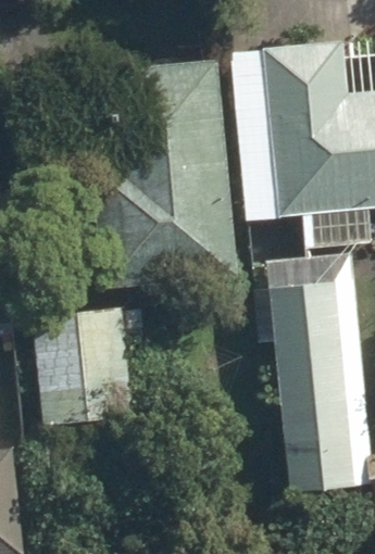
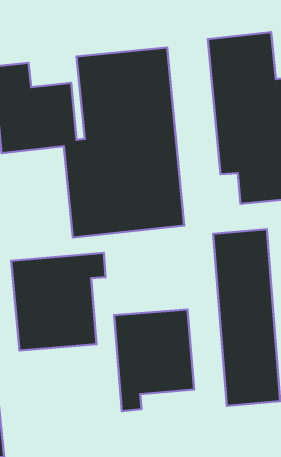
building: none -> [114,310,194,411]

